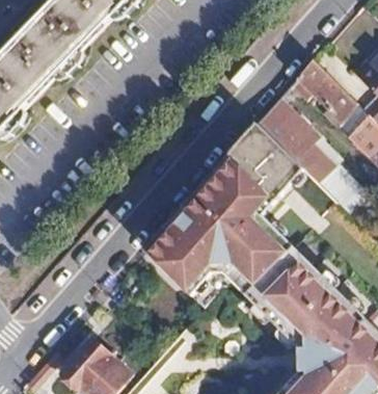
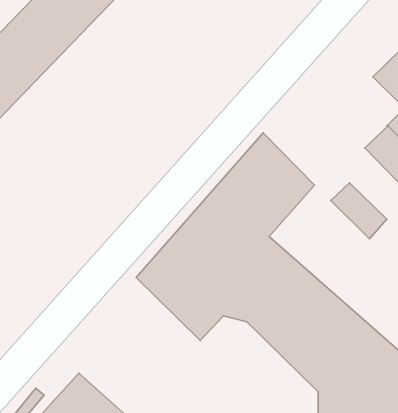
building: [293,58,356,121] -> none
building: [256,98,333,182] -> none

